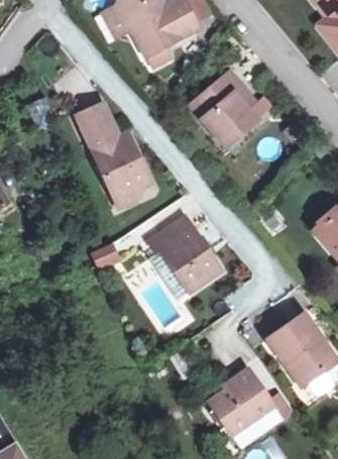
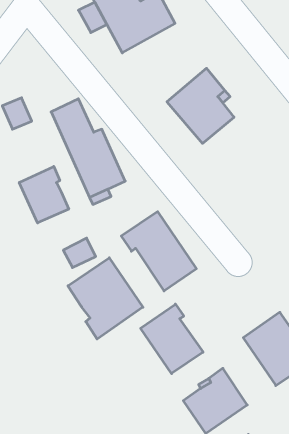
building: none -> [19,166,69,223]
building: none -> [68,258,143,339]
building: none -> [141,304,203,374]

